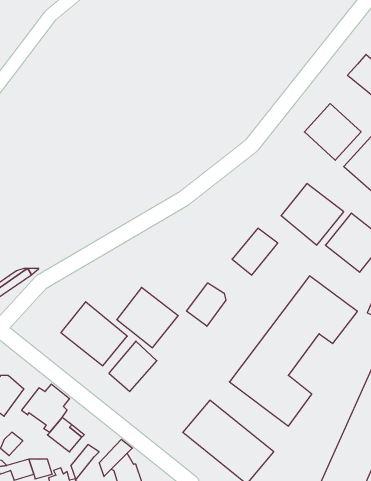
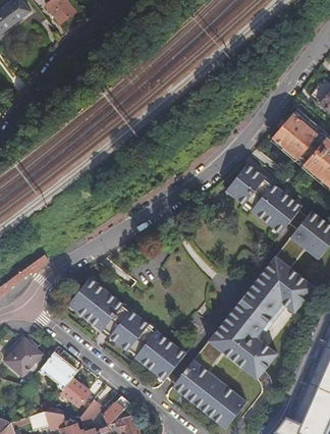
building: [232,228,278,275] -> [228,165,266,204]
building: [187,283,226,326] -> none
building: [117,287,178,348] -> [136,334,187,384]

